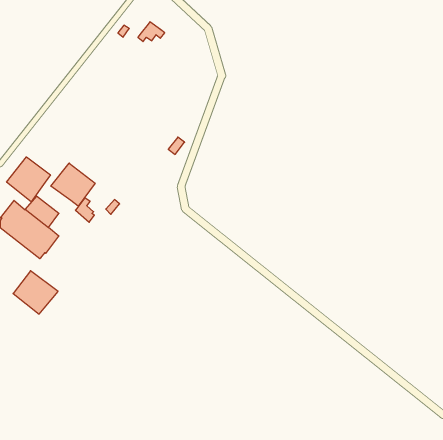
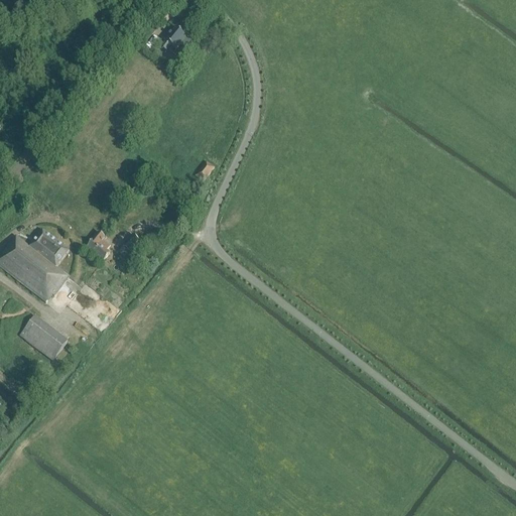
building: [7,157,50,202] -> none
building: [51,163,95,206] -> none

